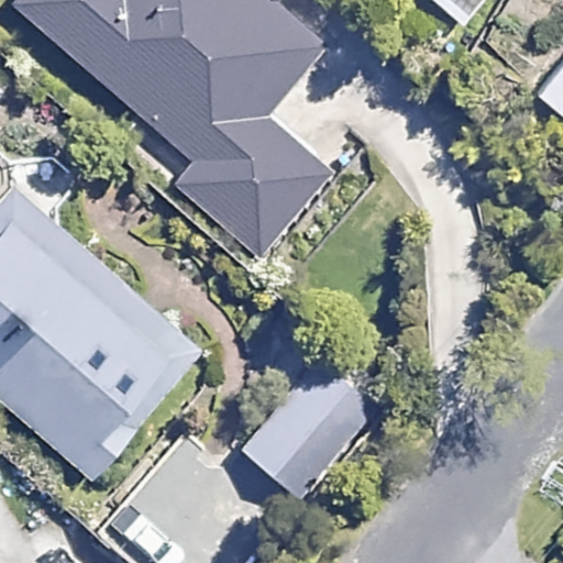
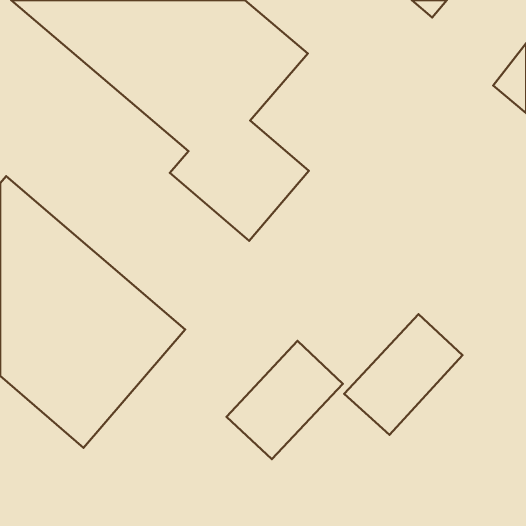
building: none -> [344,314,463,435]

